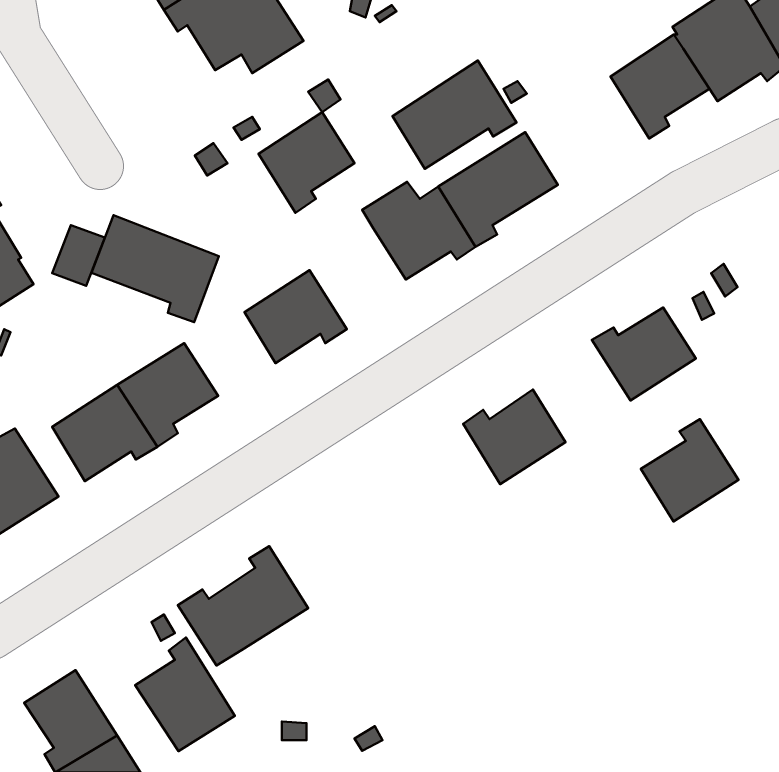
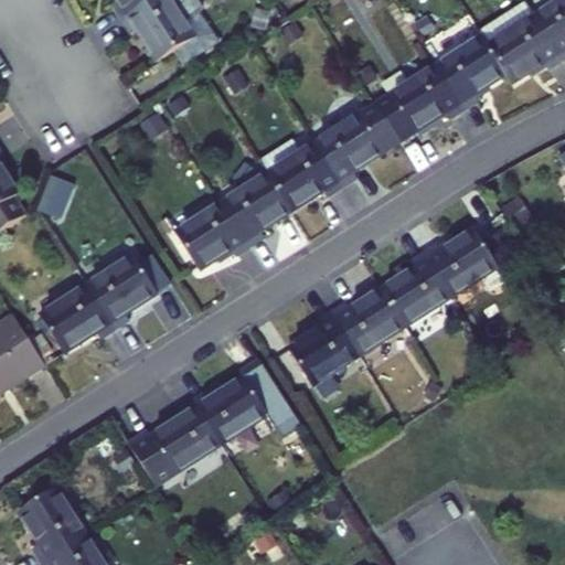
building: [392,60,516,169] -> [375,65,463,142]
building: [258,112,355,213] -> [222,173,290,245]
building: [92,215,219,322] -> none
building: [641,419,739,522] -> [381,253,450,326]
building: none -> [288,312,358,384]
building: none -> [193,358,294,444]
building: [135,638,235,751] -> none

